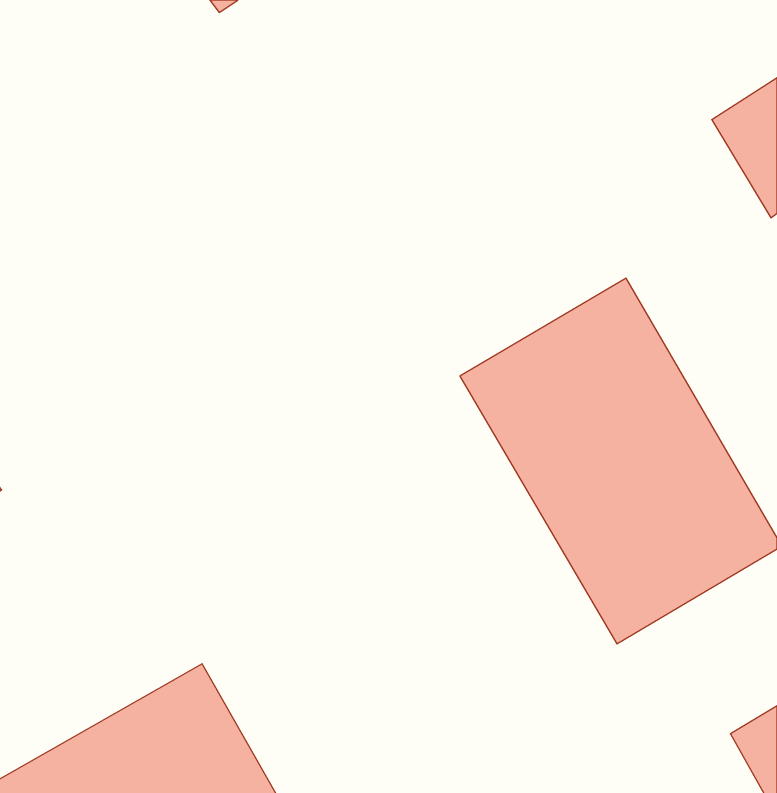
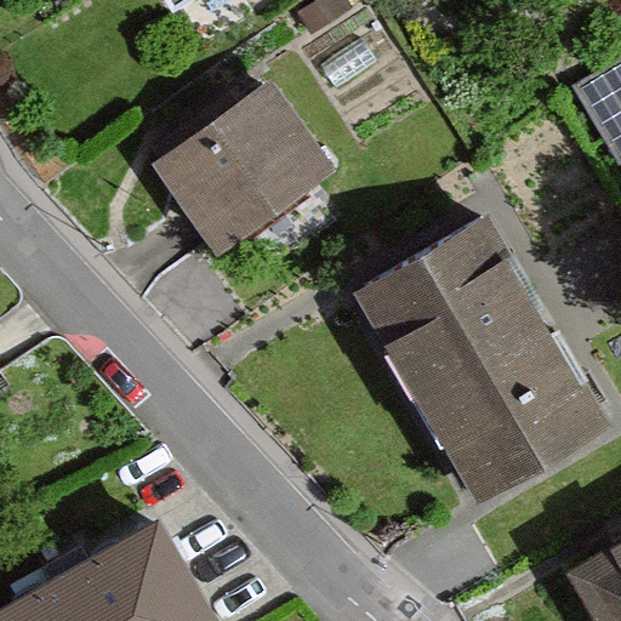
building: none -> [149,85,324,253]

